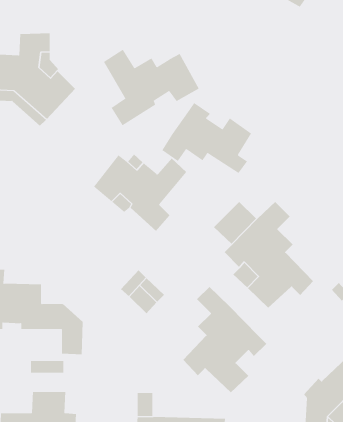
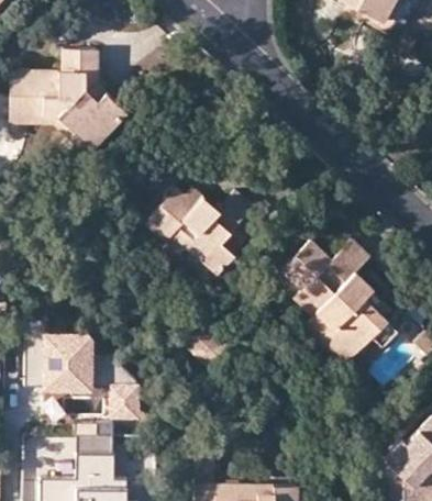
building: [103,49,199,126] -> none
building: [161,102,252,174] -> none
building: [182,286,267,393] -> none

